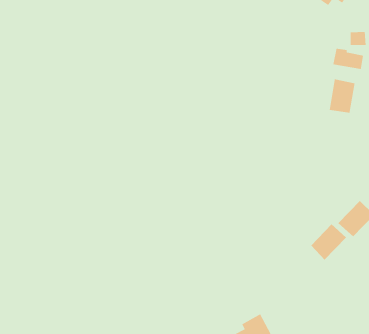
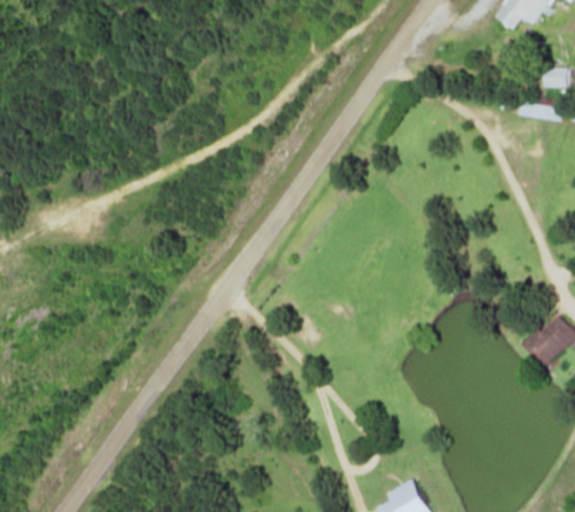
building: [329,78,355,114] -> none
building: [310,224,347,260] -> none

